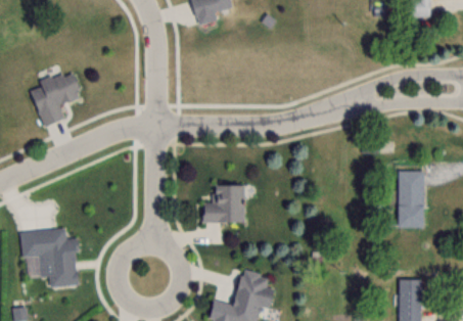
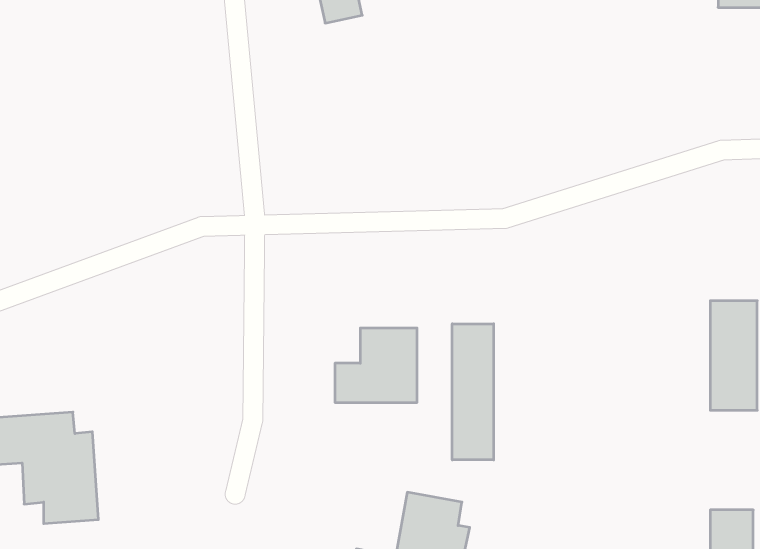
building: [32,72,81,126] -> none
building: none -> [452,324,494,460]

